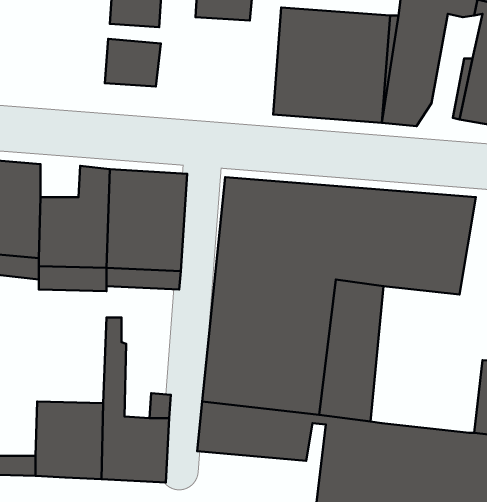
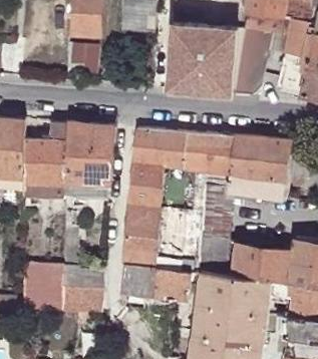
building: none -> [233,243,289,283]

